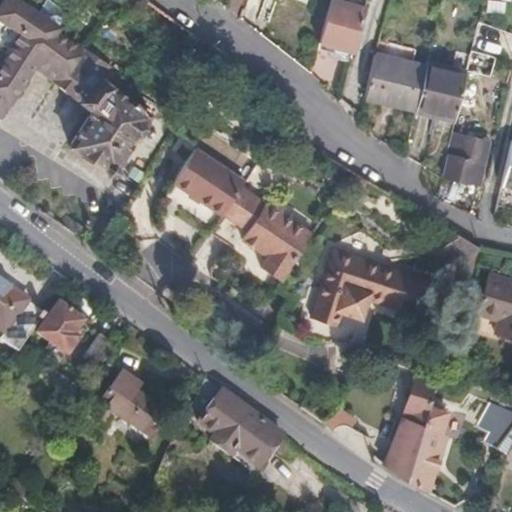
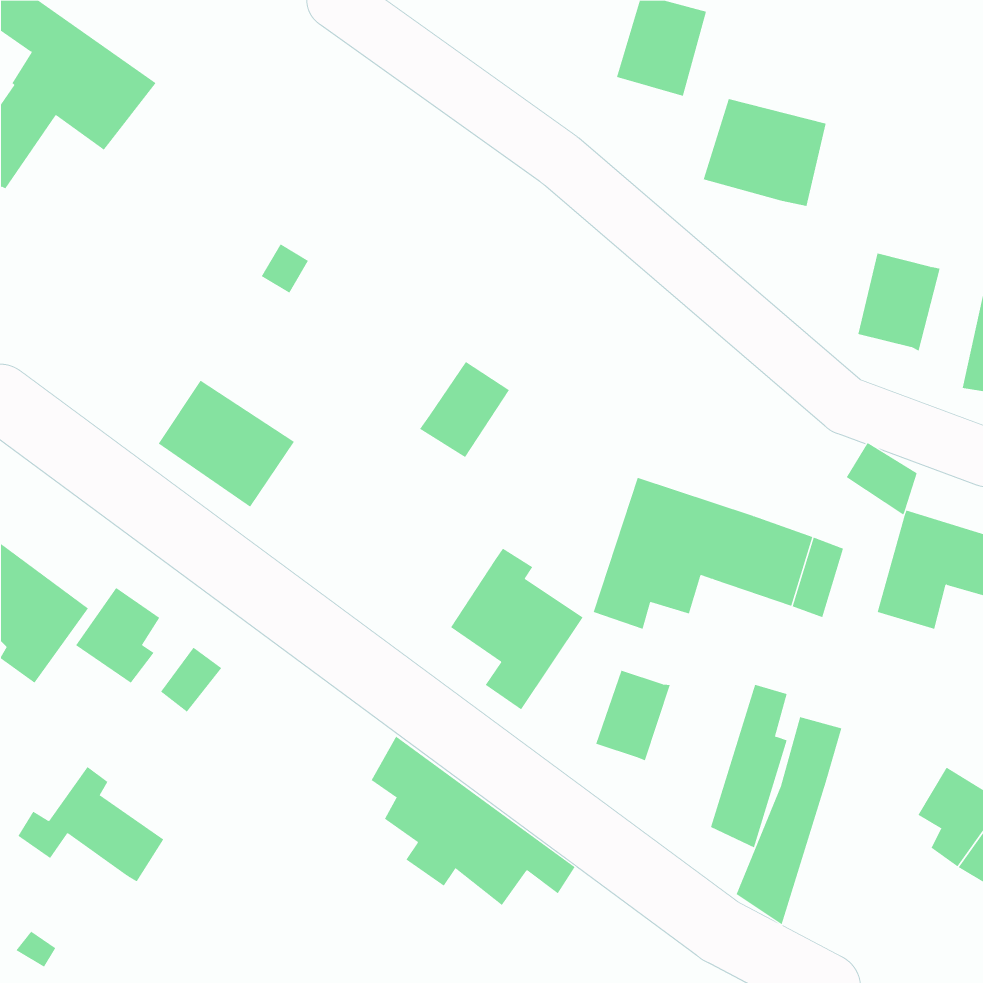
building: [56,45,148,170] -> none
building: [419,60,470,121] -> none
building: [176,151,247,217] -> [158,380,295,507]
building: [243,198,312,282] -> [450,548,583,710]
building: none -> [596,670,670,761]
building: [89,375,165,435] -> [18,766,164,882]
building: [407,407,447,492] -> [710,684,787,848]

